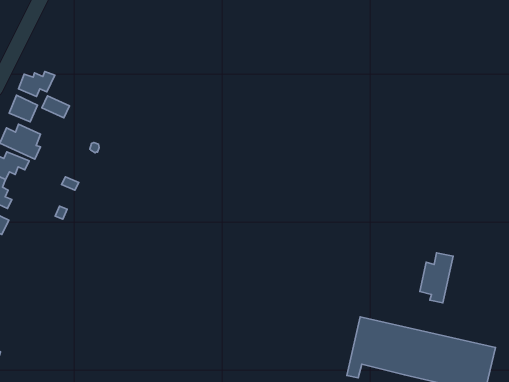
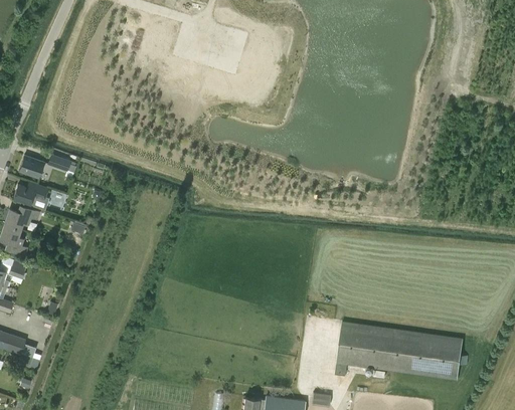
building: [19,71,55,96] -> none
building: [420,253,453,303] -> none

